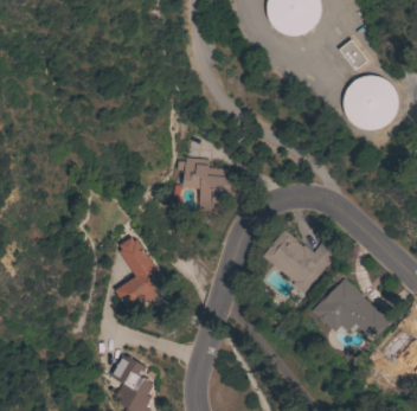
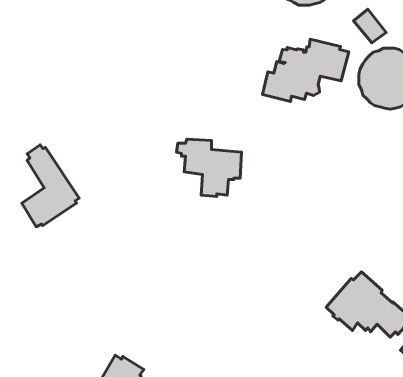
building: none -> [263,39,349,102]
building: [262,230,341,294] -> none
building: [115,237,167,312] -> [22,145,79,227]

